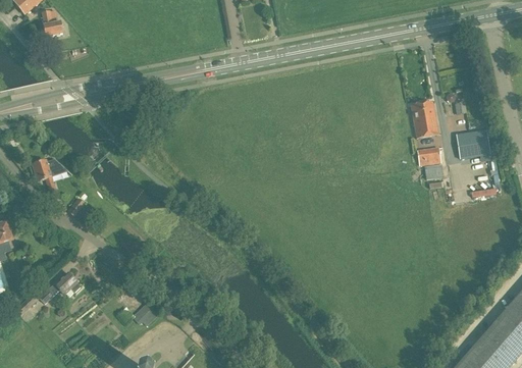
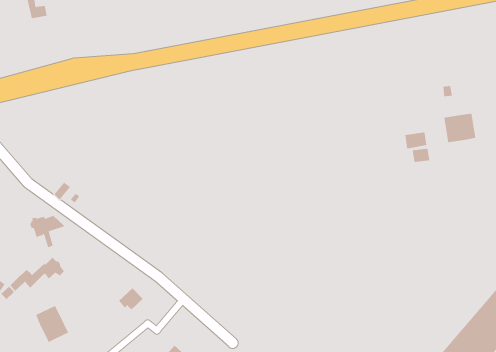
building: [412,101,438,138] -> none
building: [31,159,71,192] -> [29,215,70,248]
building: none -> [35,305,69,343]

